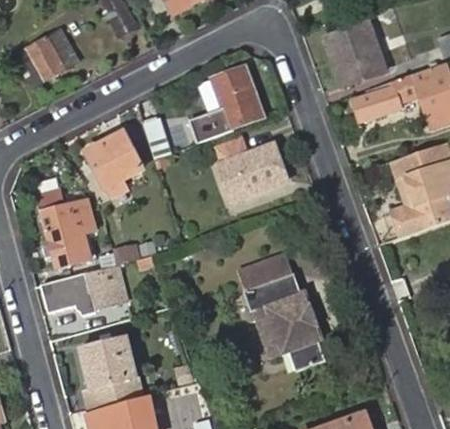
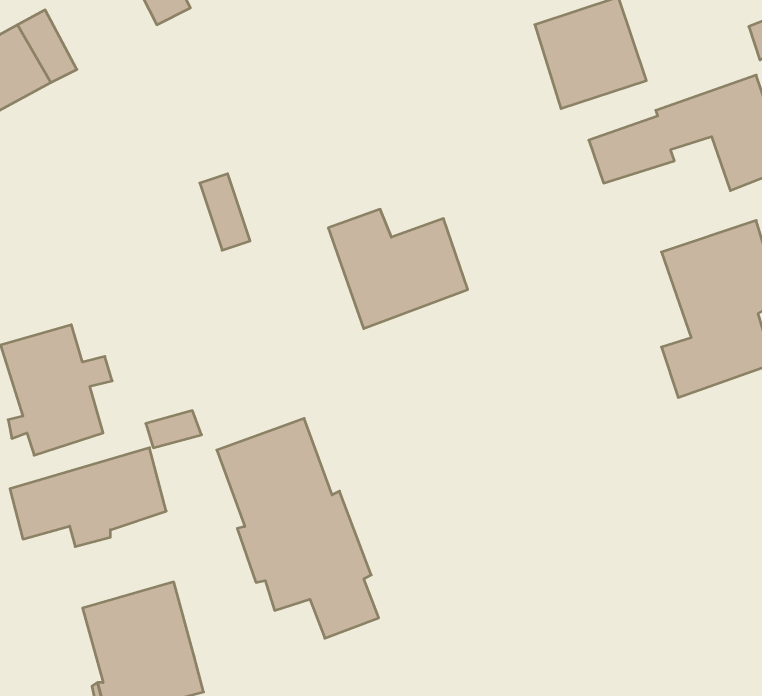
building: [189,66,264,142] -> none
building: [84,131,142,200] -> none
building: [238,251,325,369] -> [217,418,379,638]

